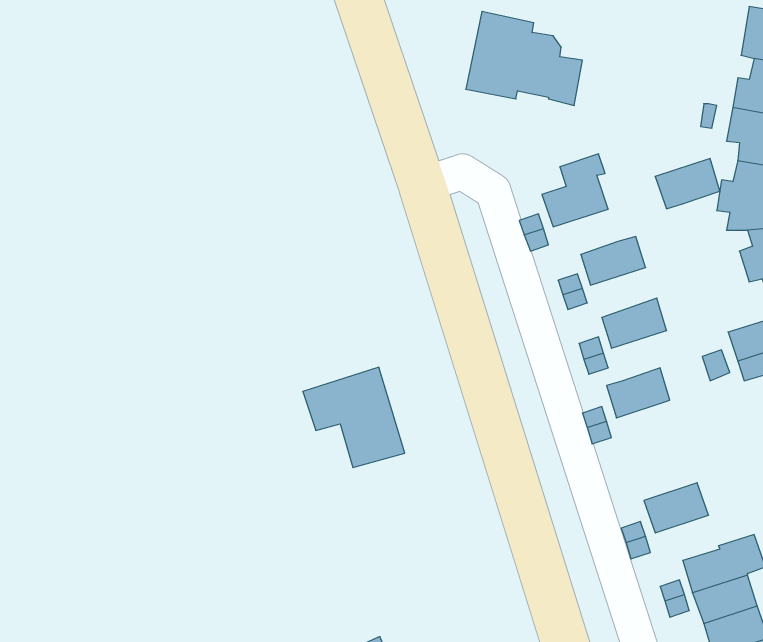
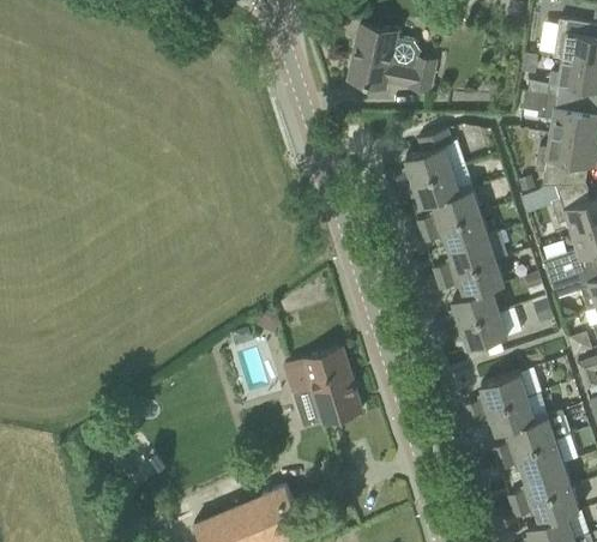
building: [655,159,720,209] -> [414,169,462,206]
building: none -> [441,212,490,249]
building: none -> [457,259,506,296]
building: [303,367,405,468] -> [287,347,362,421]
building: none -> [460,311,508,349]
building: none -> [489,396,537,434]

